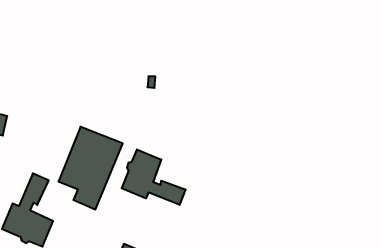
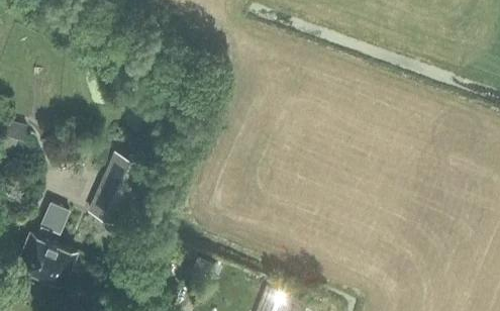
building: [122,149,186,205] -> none

